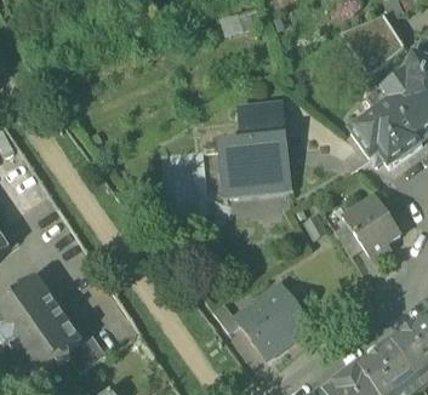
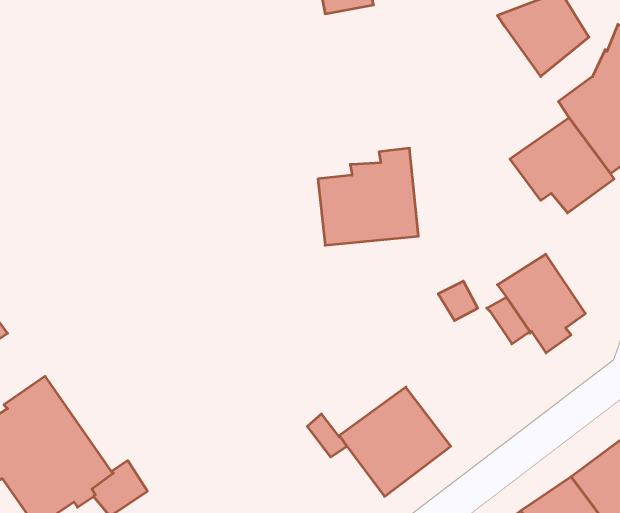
building: [241,103,283,132] -> none

